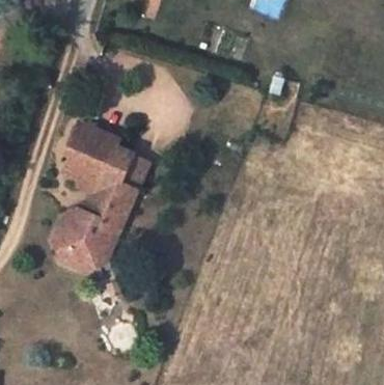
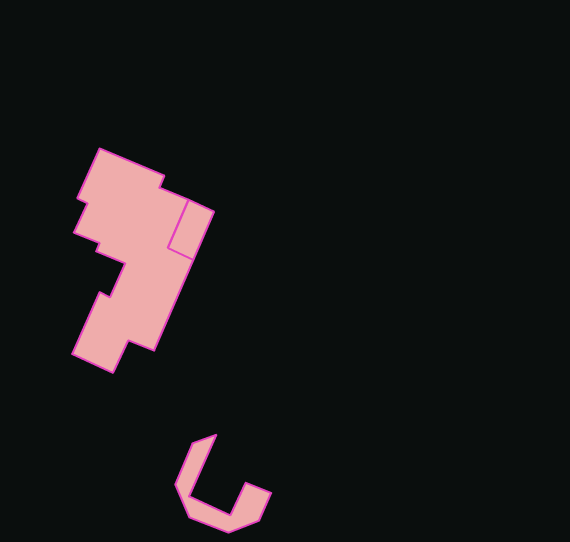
building: [54,208,112,267] -> [175,435,271,532]

